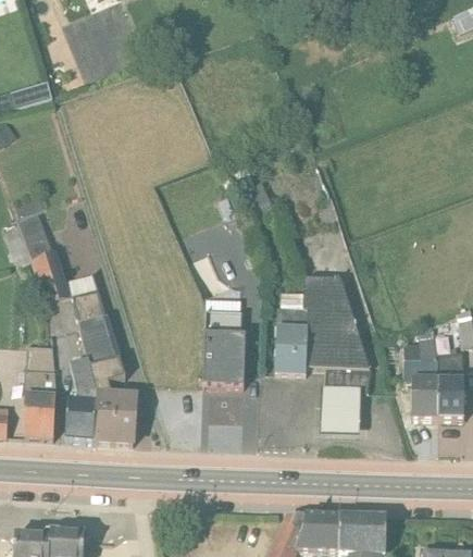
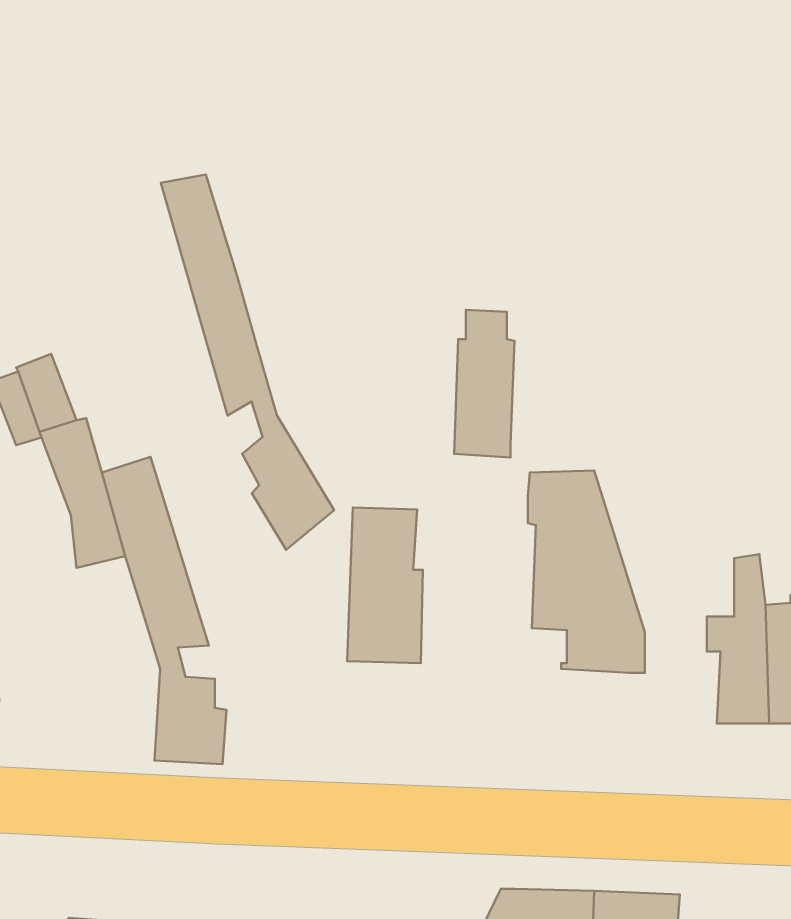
building: none -> [161,174,334,550]
building: [274,293,308,375] -> [454,310,515,458]
building: [17,345,55,438] -> none
building: [66,359,98,442] -> none
building: [320,391,360,435] -> none

